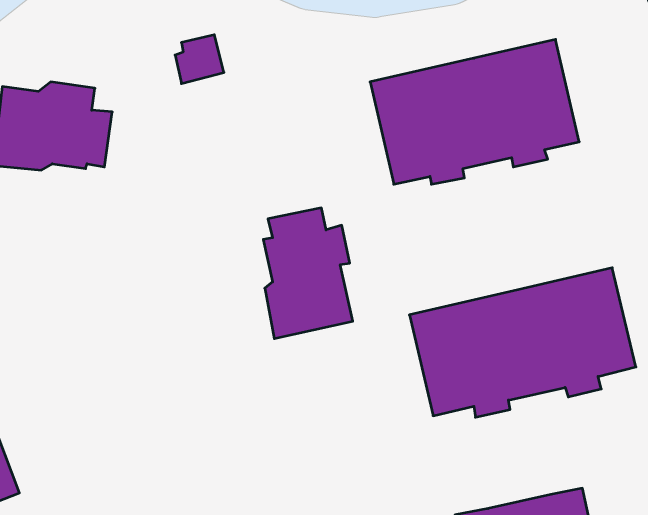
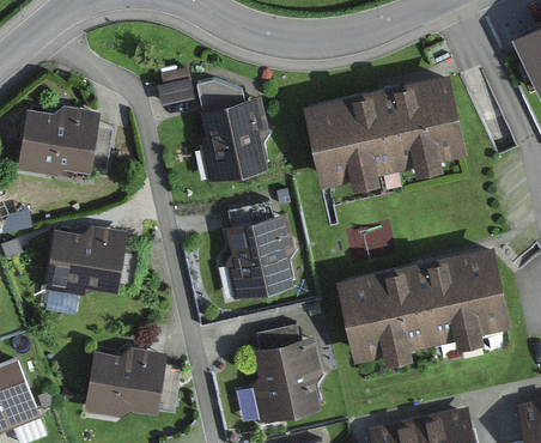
building: none -> [197,80,269,184]
building: none -> [44,226,140,296]
building: none -> [253,326,322,421]
building: none -> [84,348,180,418]

